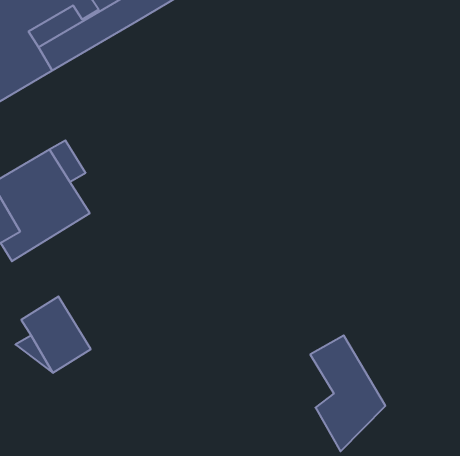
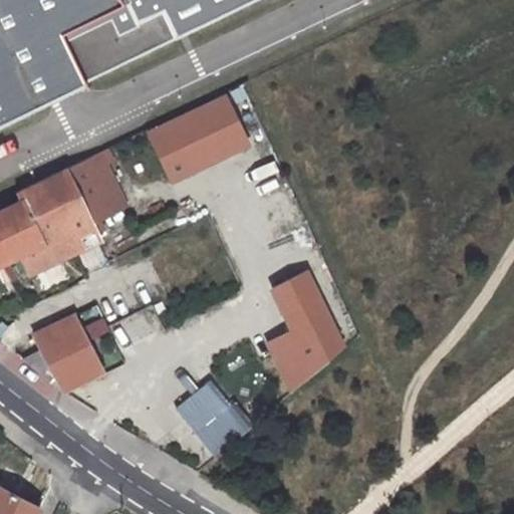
building: none -> [151,96,244,175]
building: [310,335,385,451] -> [273,272,346,392]
building: none -> [183,383,250,453]

